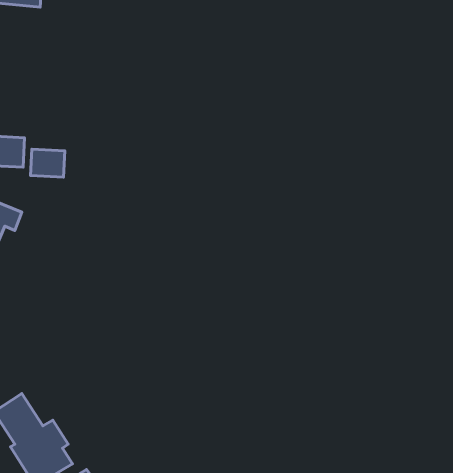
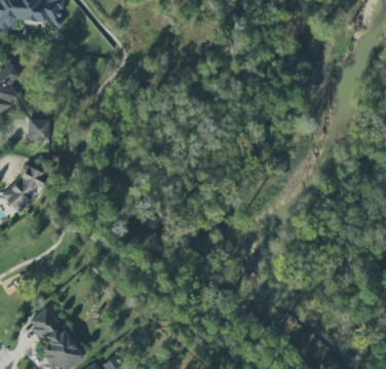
building: [31,149,65,177] -> none

